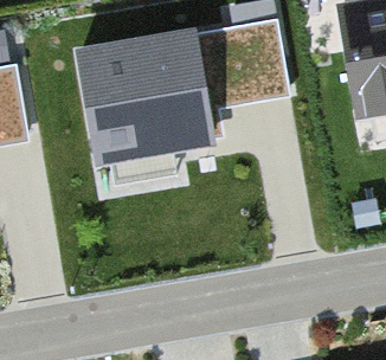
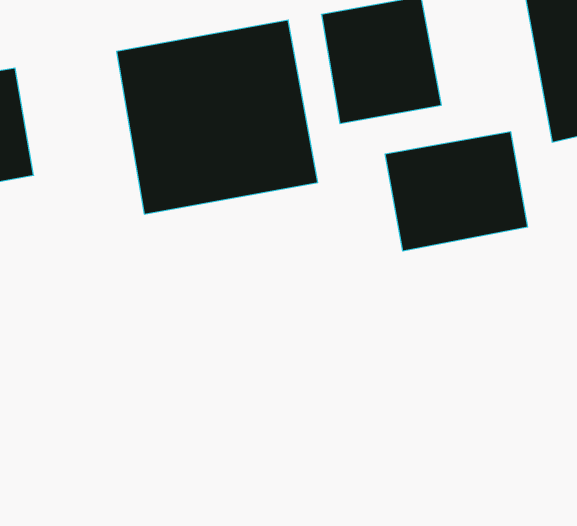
building: none -> [385,132,528,251]

